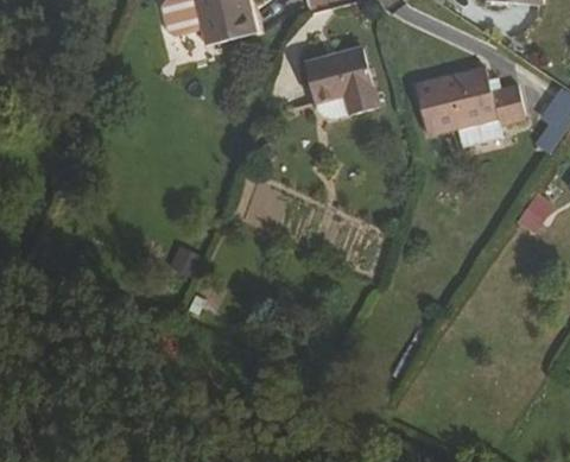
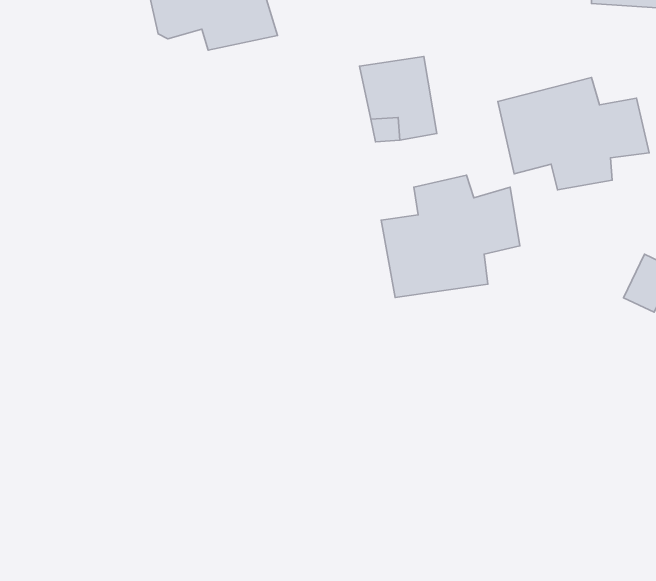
building: none -> [381,175,520,297]

